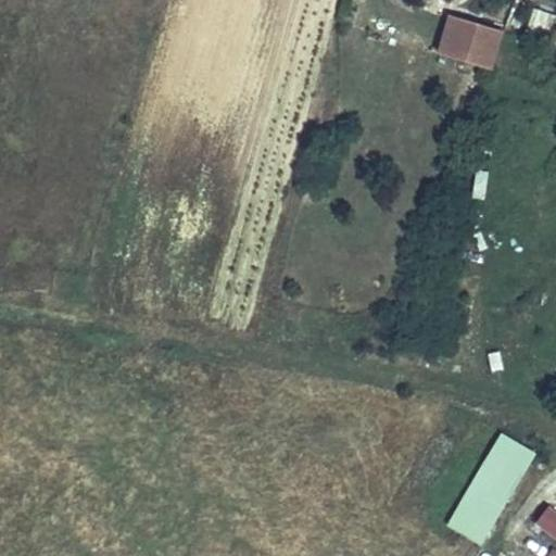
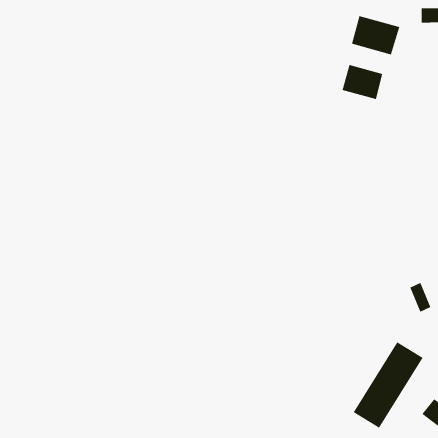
building: none -> [342,64,383,100]

